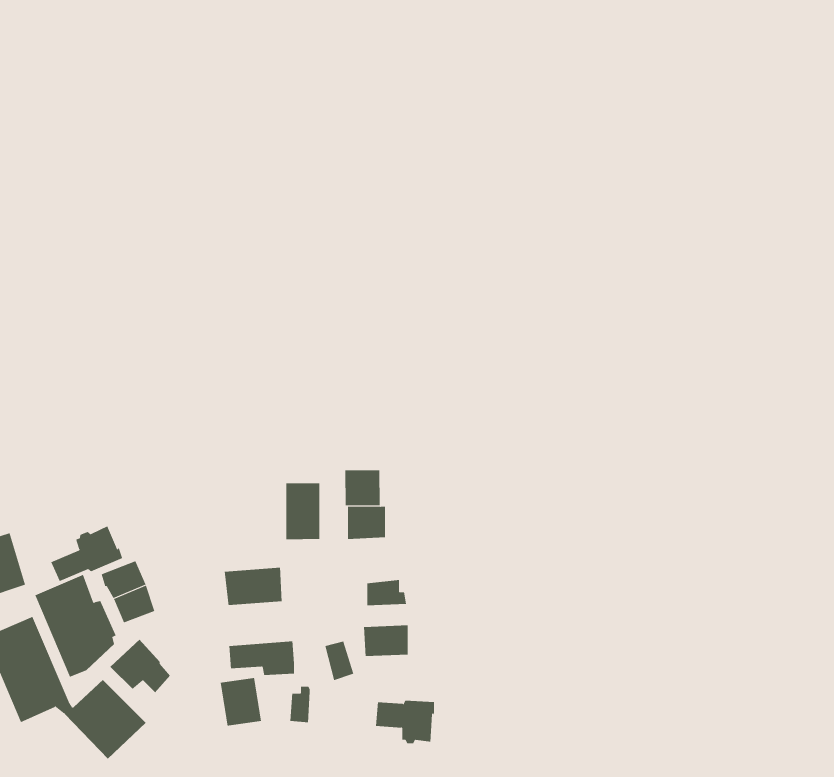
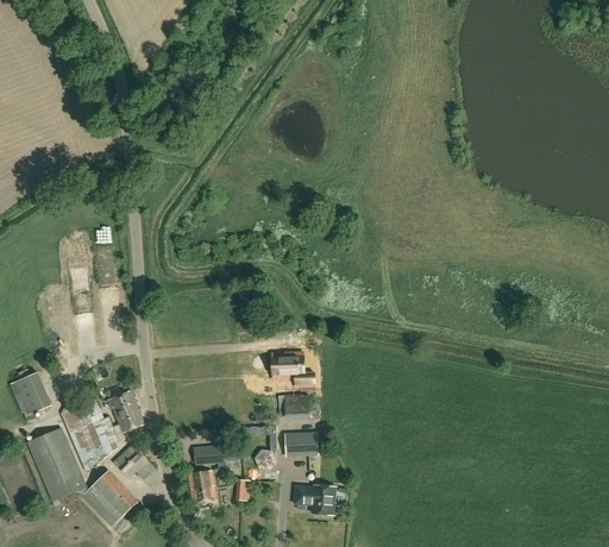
building: [345,469,380,506] -> none
building: [286,482,320,540] -> none
building: [50,526,123,582] -> none
building: [224,567,282,606] -> none

